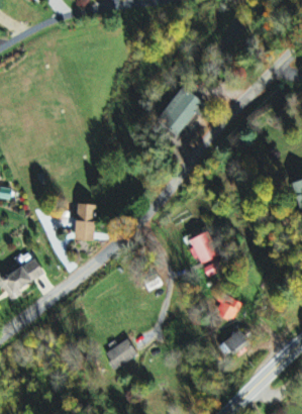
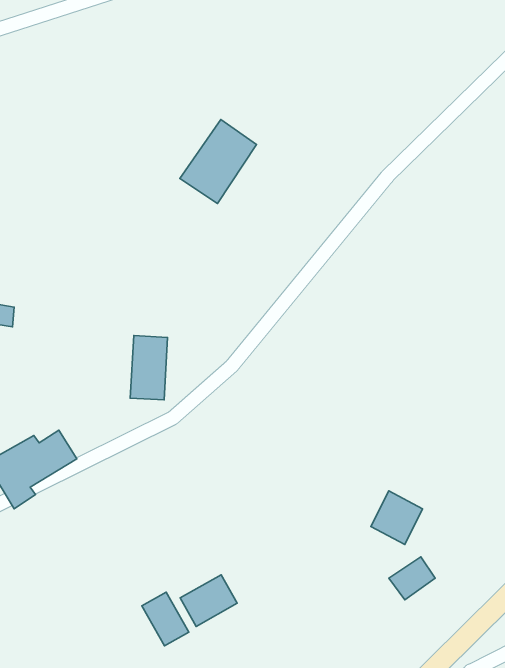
building: [159,86,202,133] -> [180,120,257,204]
building: [187,232,214,264] -> none
building: none -> [142,592,189,646]

